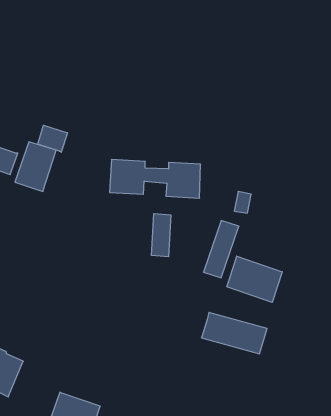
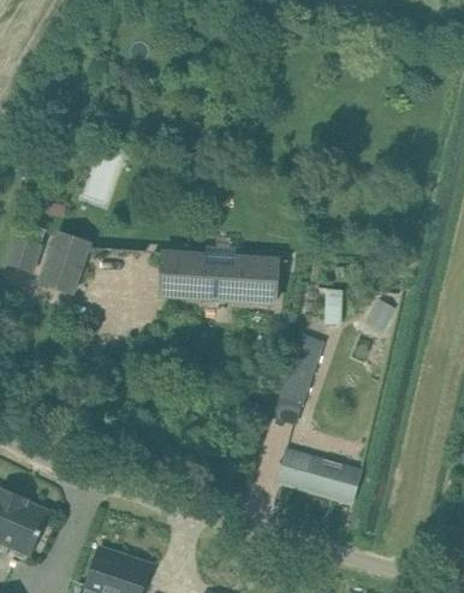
building: [38,125,67,152] -> none
building: [151,214,171,257] -> none
building: [227,256,282,302] -> none

